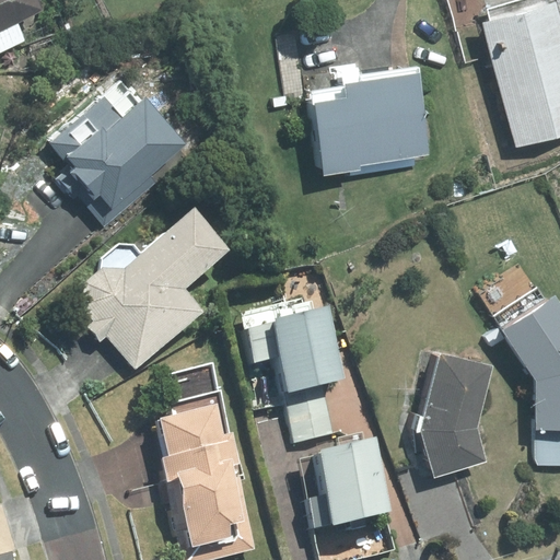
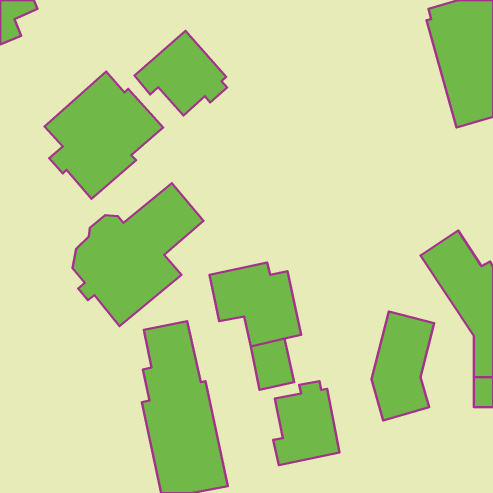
building: none -> [135,31,227,116]
building: [312,63,434,178] -> none

